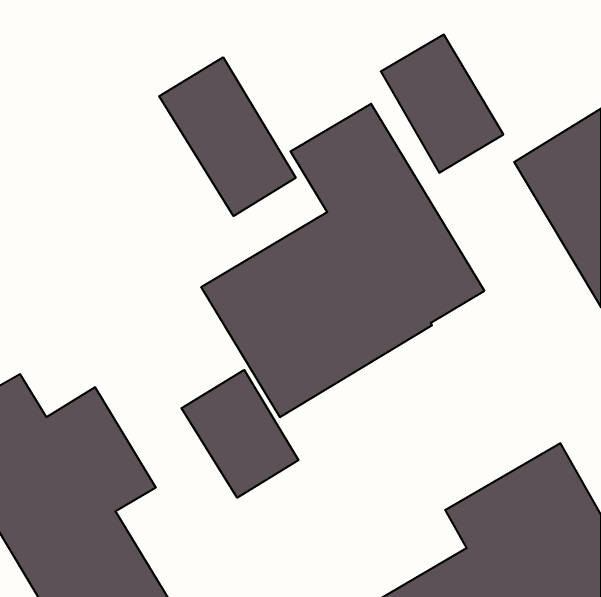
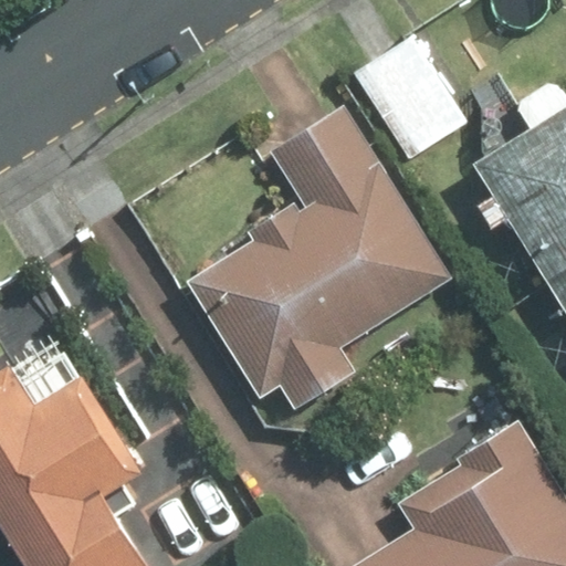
building: [159,57,296,216] -> none
building: [181,370,298,498] -> none

